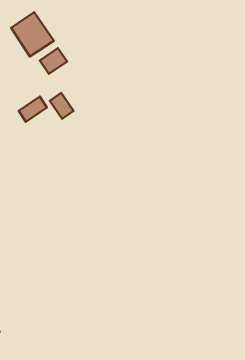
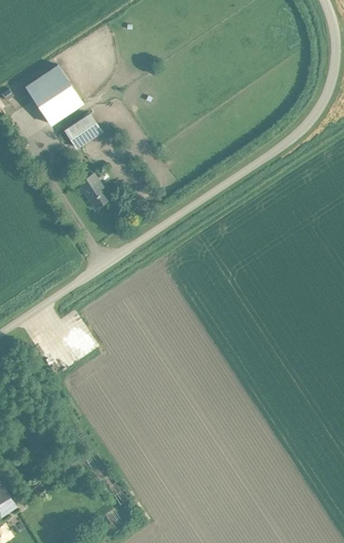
building: [19,97,47,122] -> none

